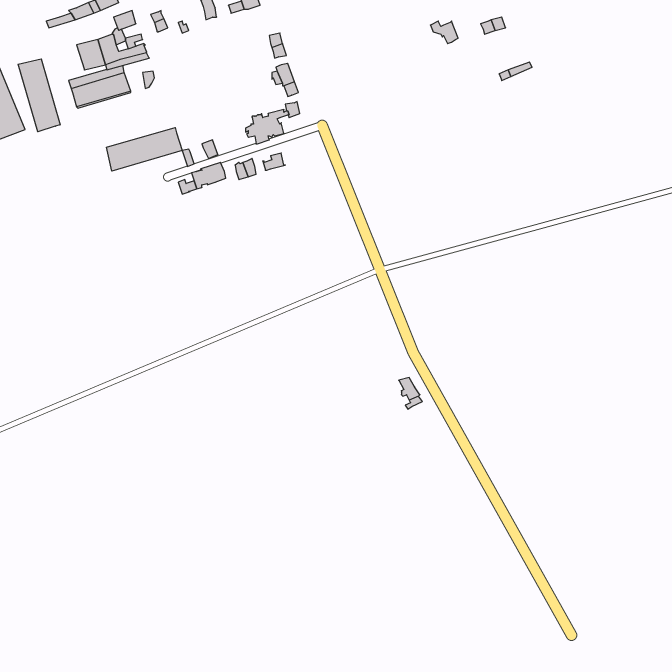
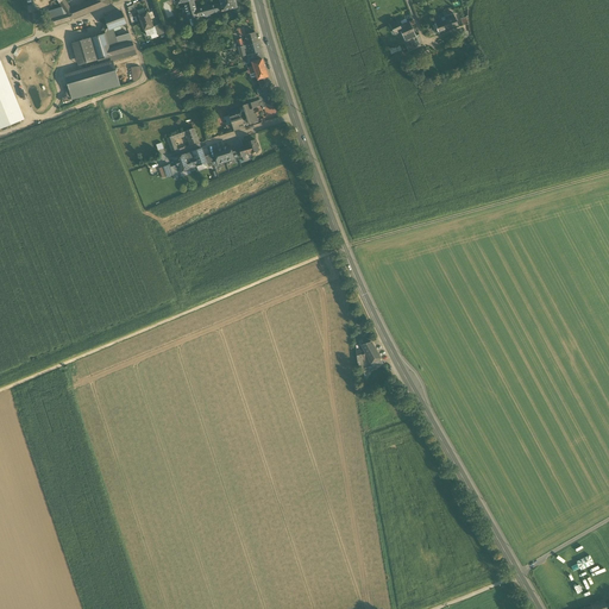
building: [18,59,60,132] -> none
building: [107,128,182,171] -> none

